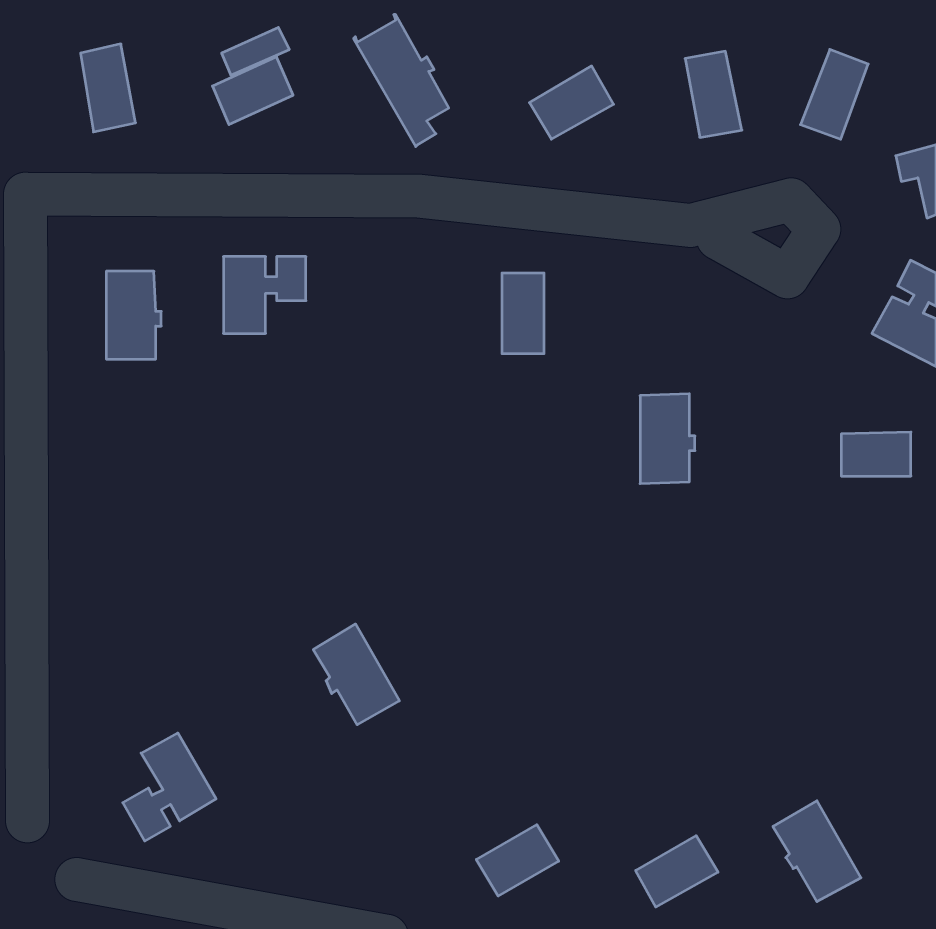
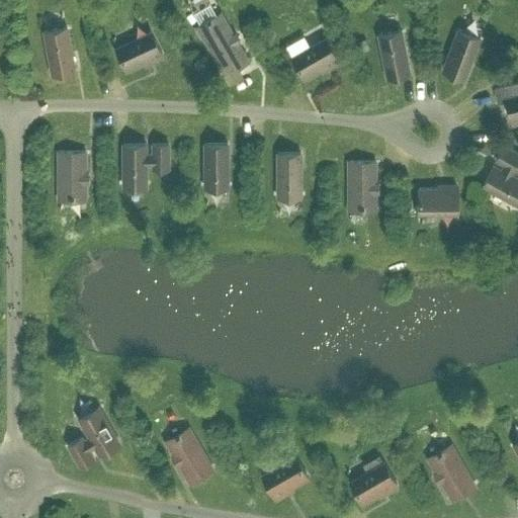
building: none -> [204,146,228,190]
building: [640,394,695,484] -> [348,163,378,212]
building: [841,432,911,476] -> [419,189,457,213]
building: [313,624,399,725] -> [165,429,212,485]

